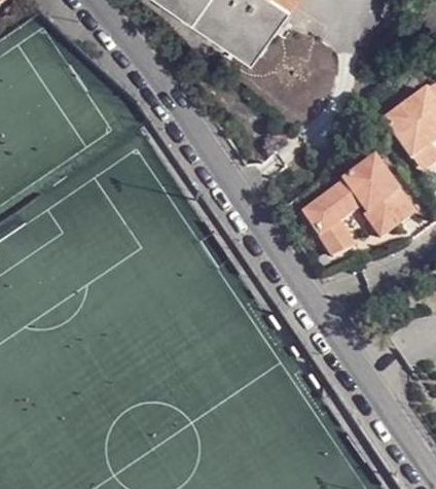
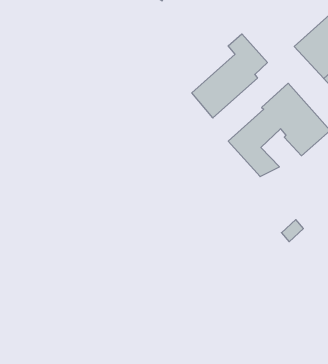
building: none -> [192,34,267,118]

